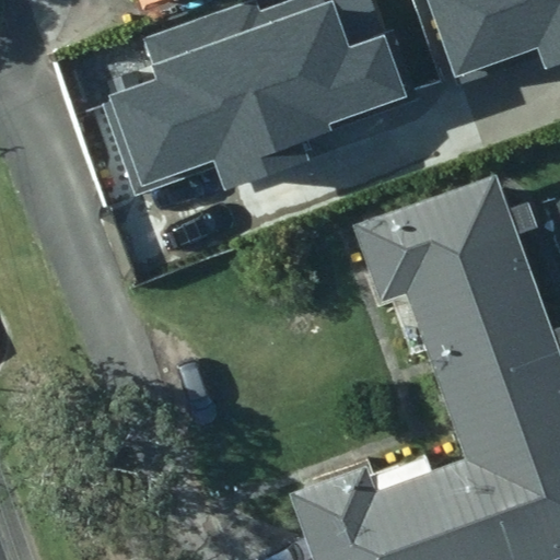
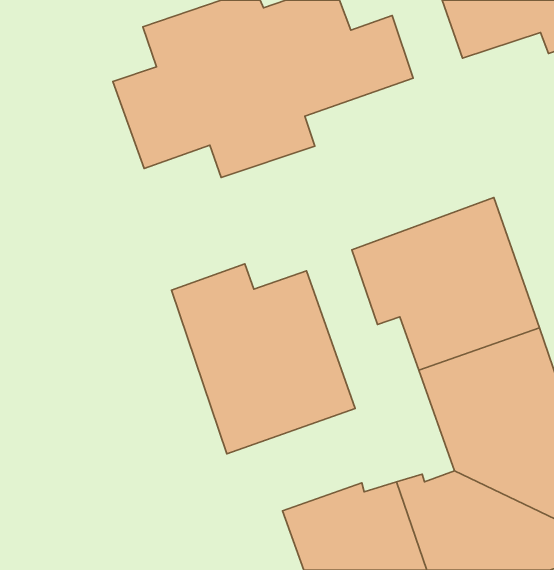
building: none -> [172,264,355,454]

